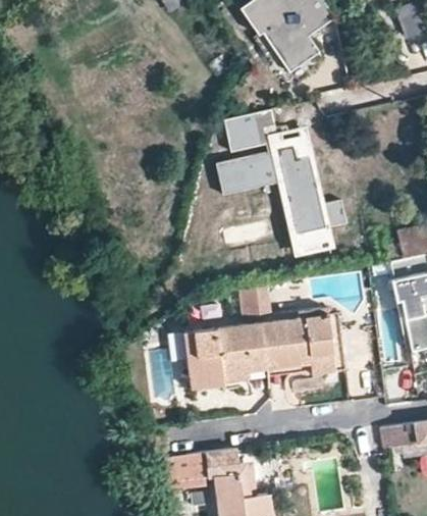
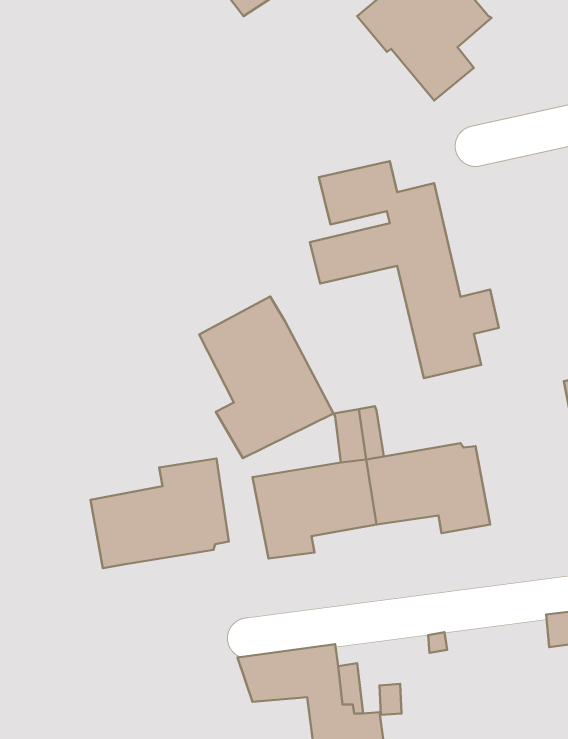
building: none -> [199,296,334,458]
building: none -> [91,458,229,568]

